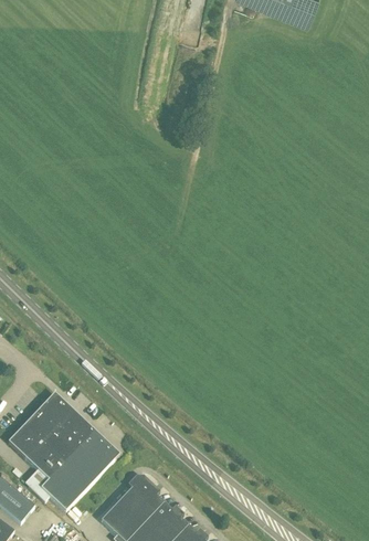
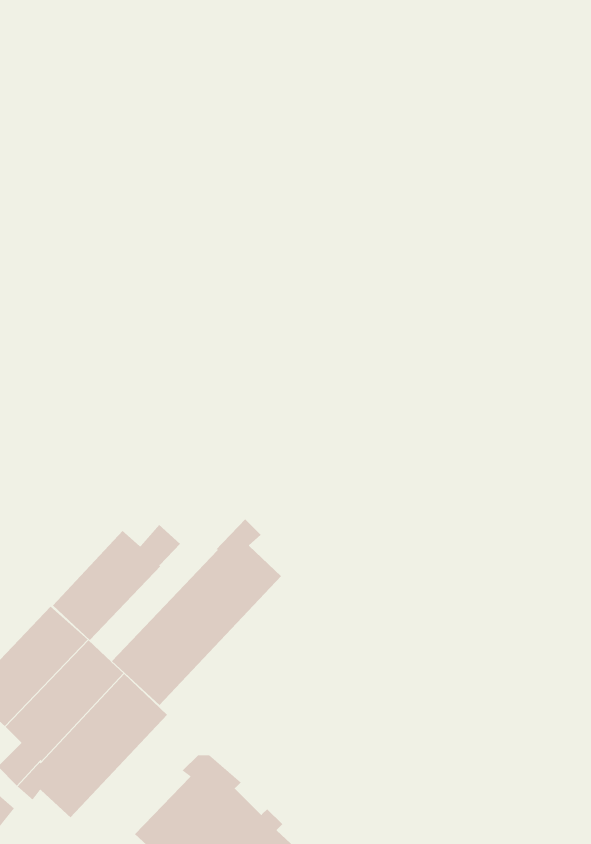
building: none -> [111,518,282,706]
building: none -> [52,524,181,641]

